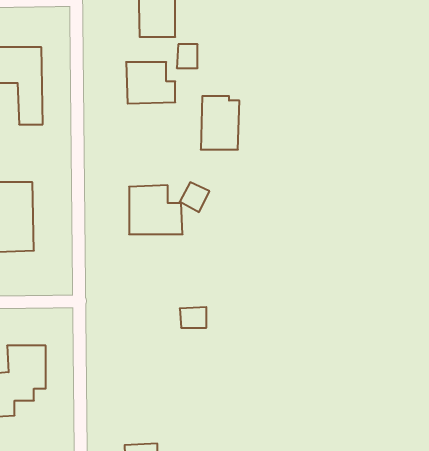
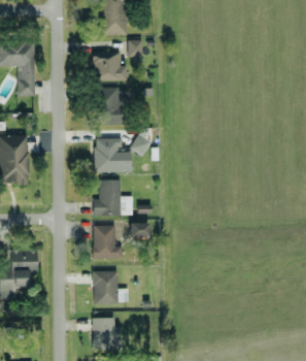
building: [201,96,239,150] -> [100,88,127,125]
building: none -> [93,180,133,217]
building: none -> [93,226,123,259]
building: none -> [93,271,128,304]

